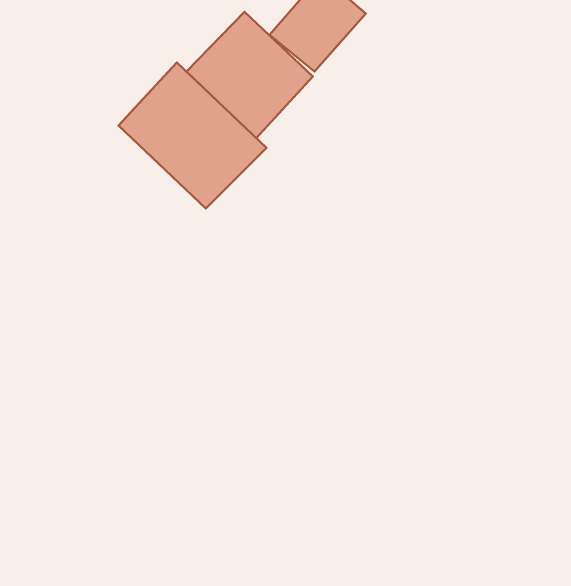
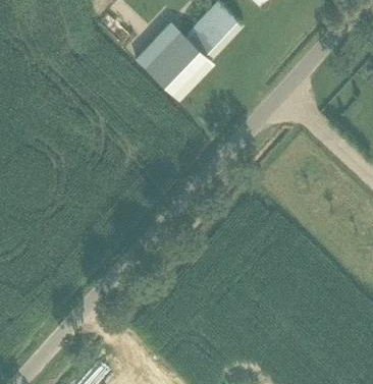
building: [119,62,266,209] -> none

